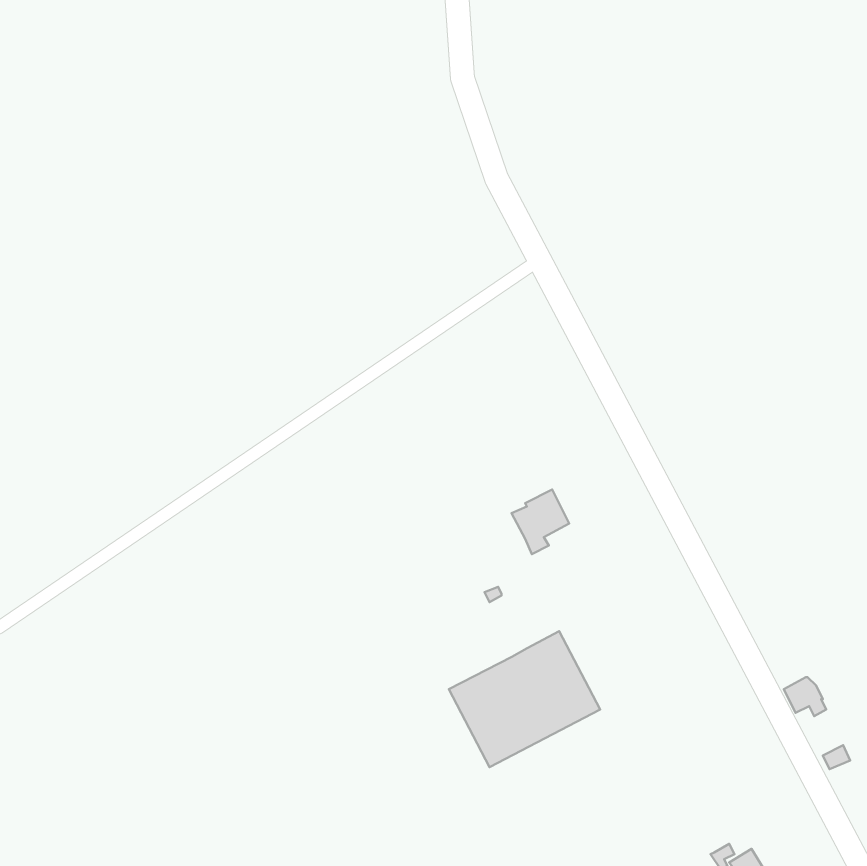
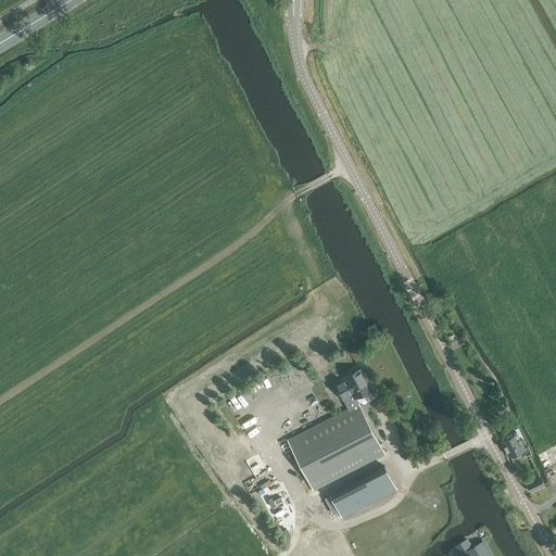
building: [512,489,569,554] -> [333,369,370,410]
building: none -> [329,468,395,519]

